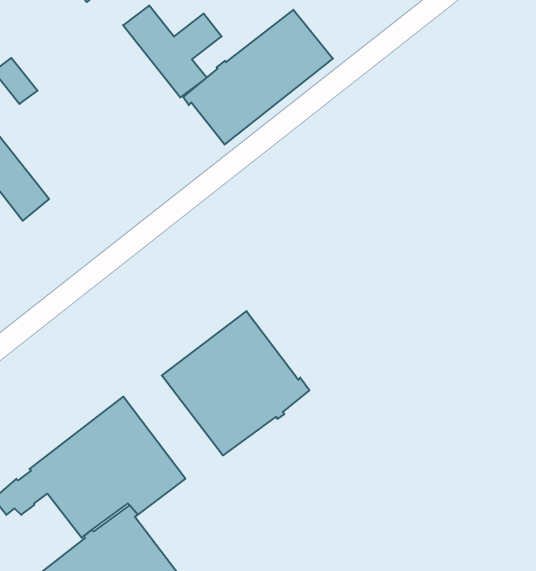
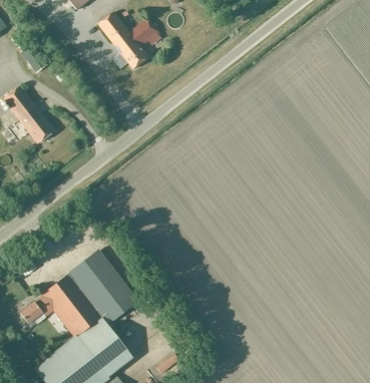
building: [183,10,333,145] -> none
building: [162,311,309,455] -> none

